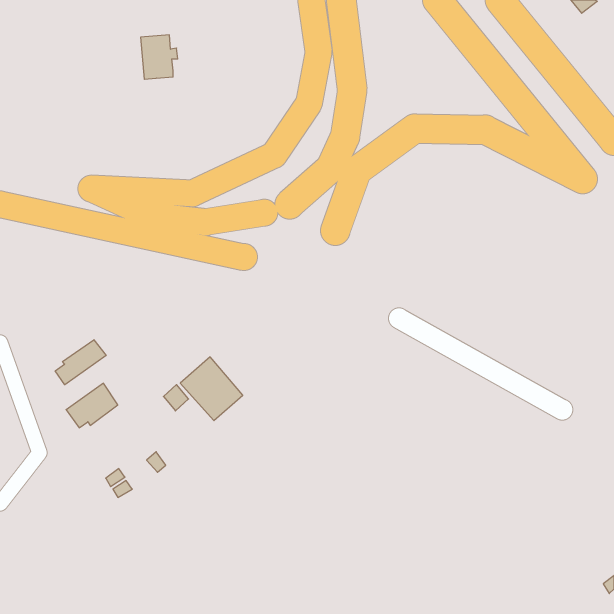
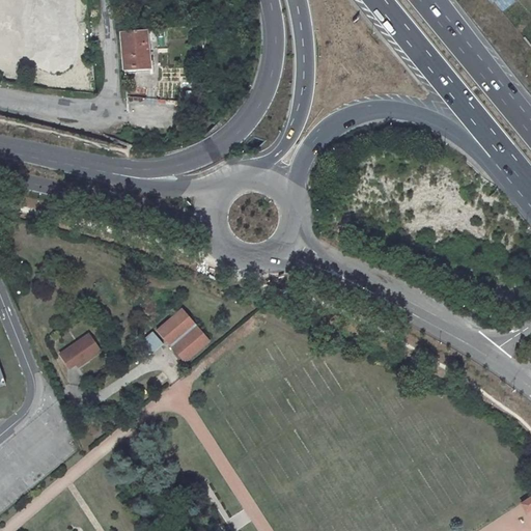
building: [55,340,106,385] -> none

